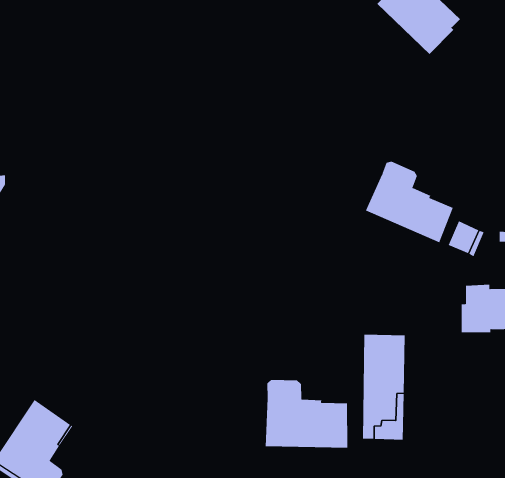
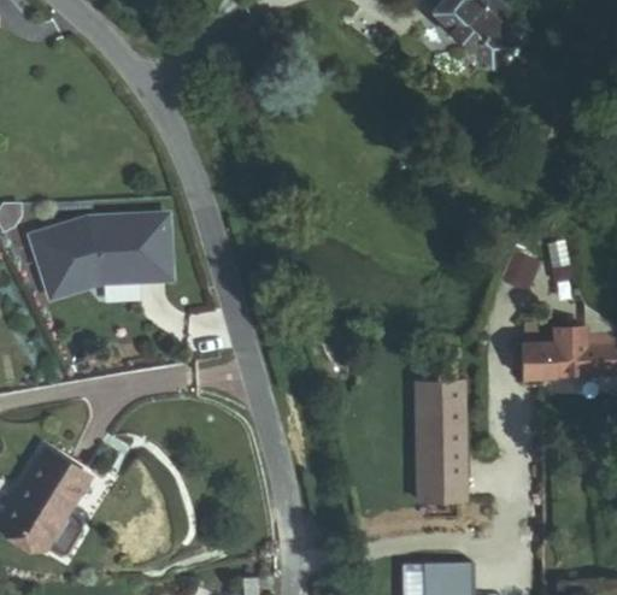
building: [365,161,453,243] -> none
building: none -> [30,214,169,299]
building: [265,379,348,449] -> none

